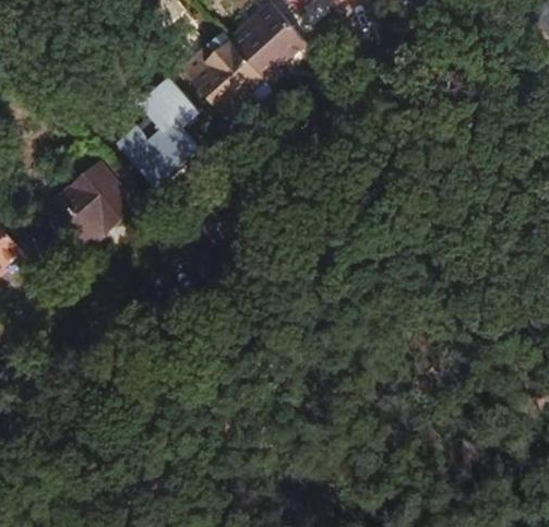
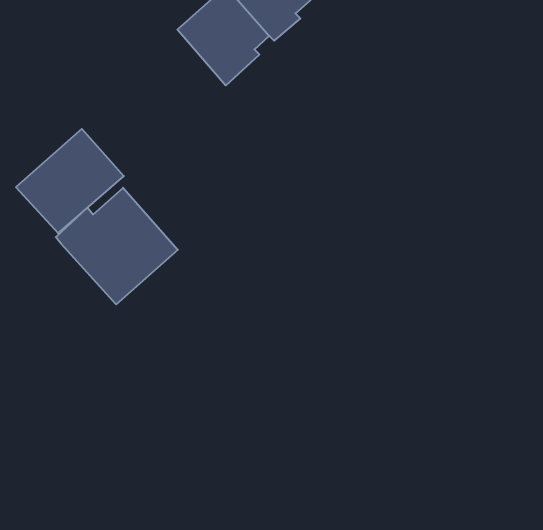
building: [116,76,203,189] -> none
building: none -> [56,188,178,304]

